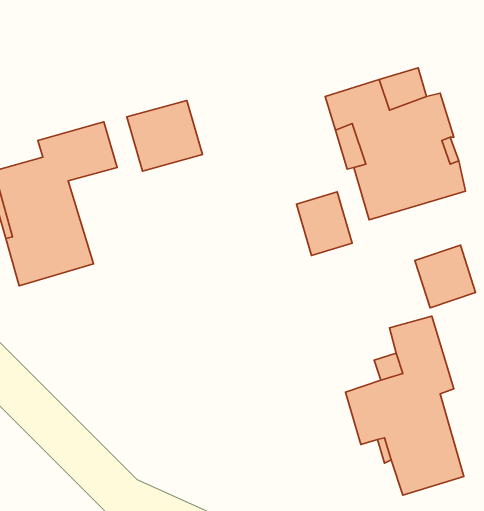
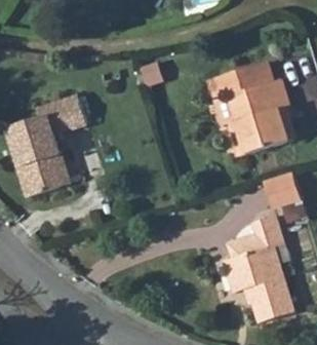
building: [127,100,202,171] -> none
building: [297,192,352,255] -> none

